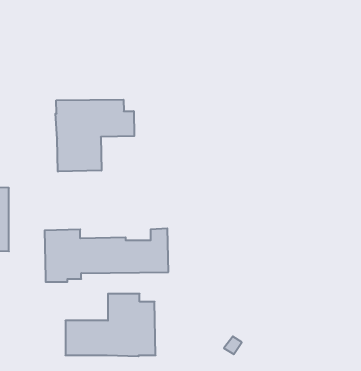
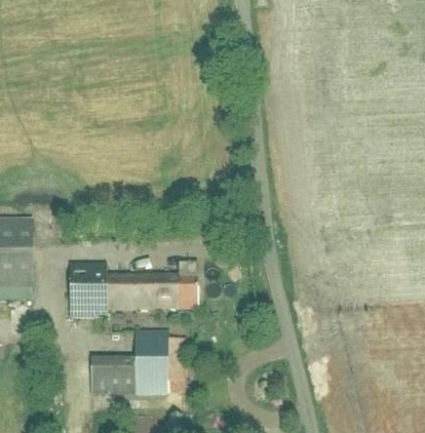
building: [55,100,134,172] -> none

